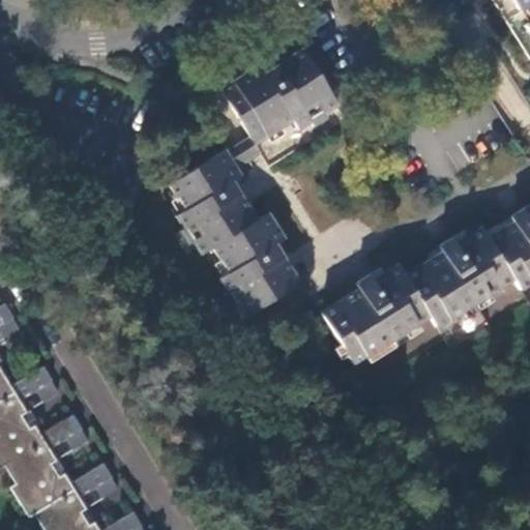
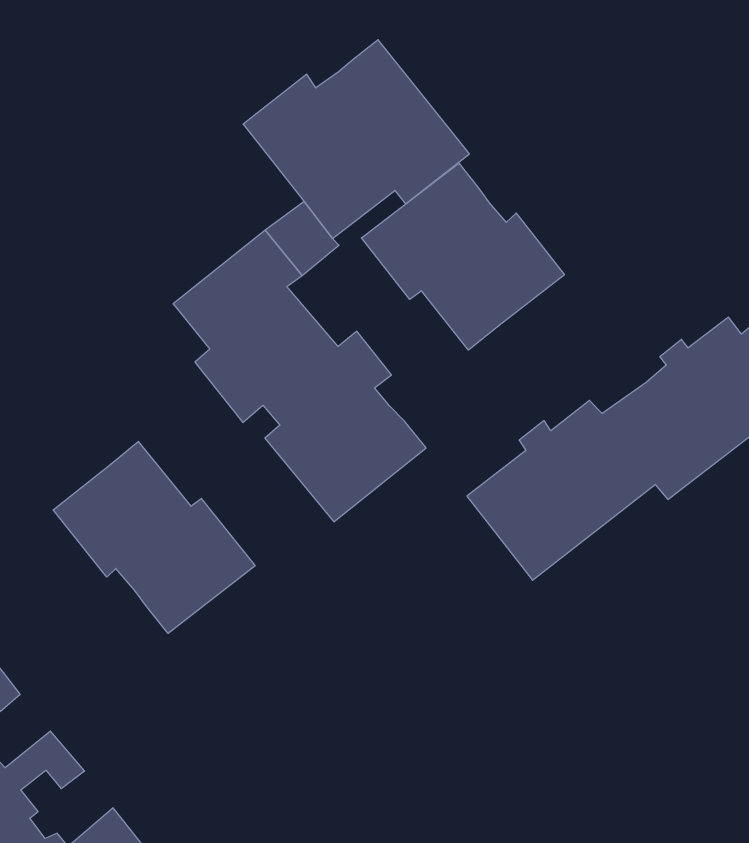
building: none -> [361,163,564,350]
building: none -> [53,441,255,633]

